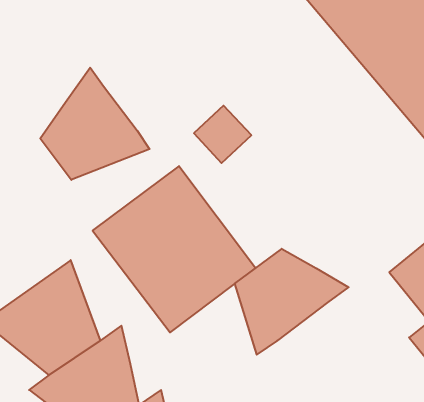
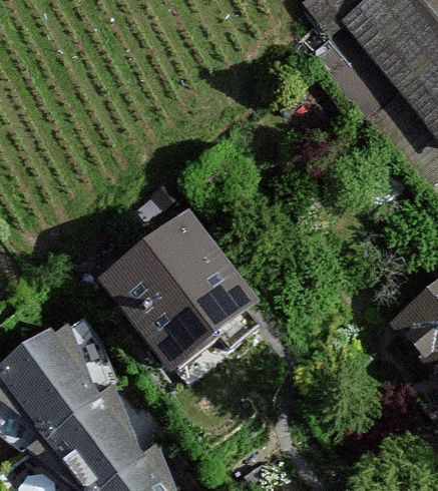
building: [40,68,150,180] -> none
building: [235,249,349,355] -> none

